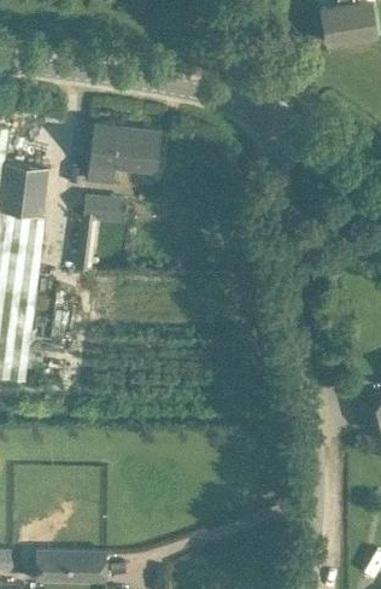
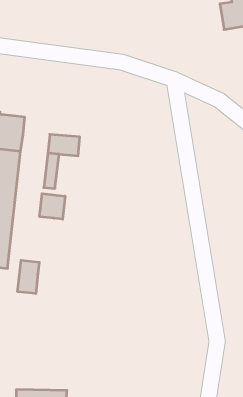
building: [87,123,162,185] -> none
building: none -> [40,194,65,219]
building: none -> [18,260,39,294]

